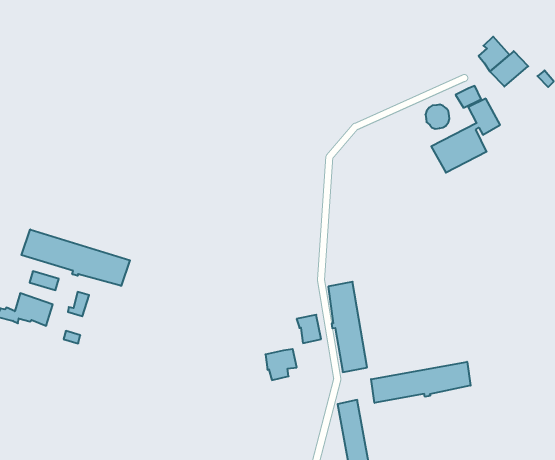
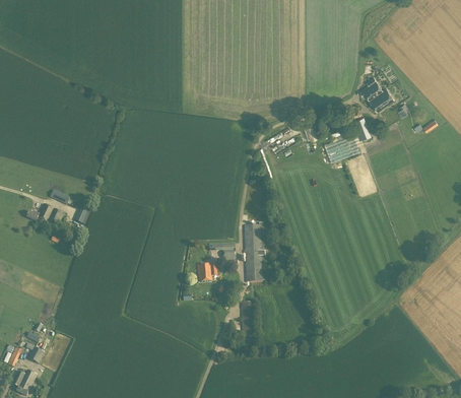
building: [21,229,130,286] -> none
building: [371,362,471,403] -> none

